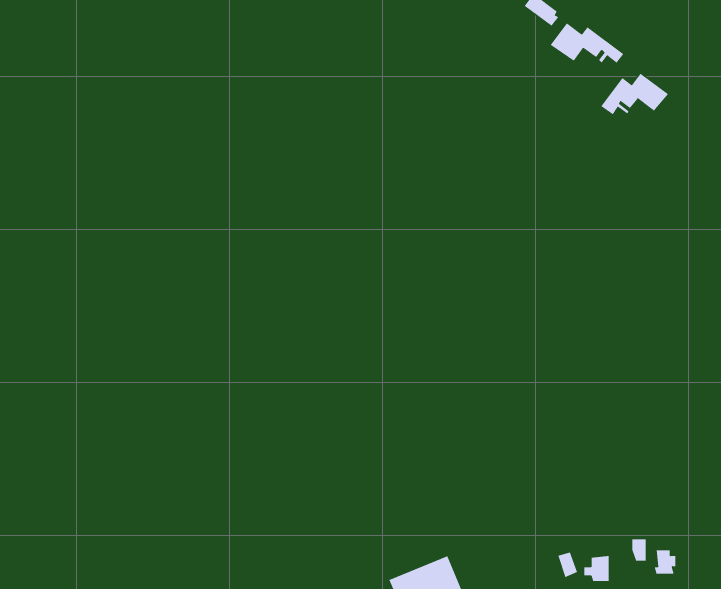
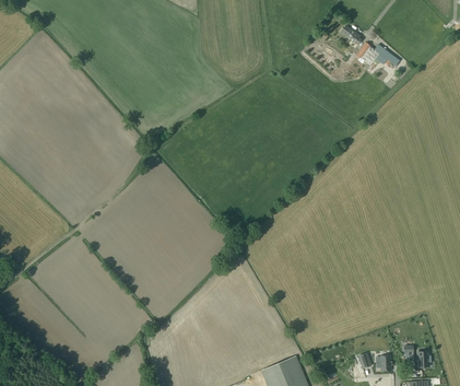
building: [601,73,669,115] -> none

